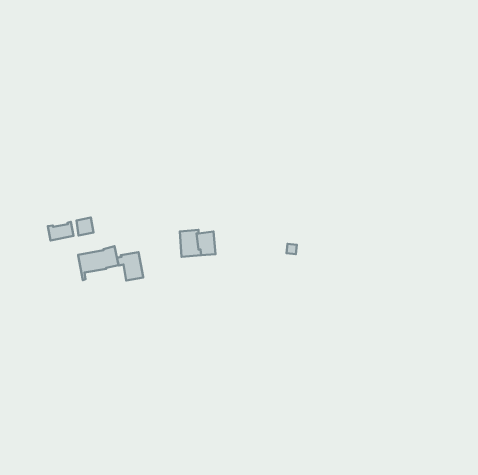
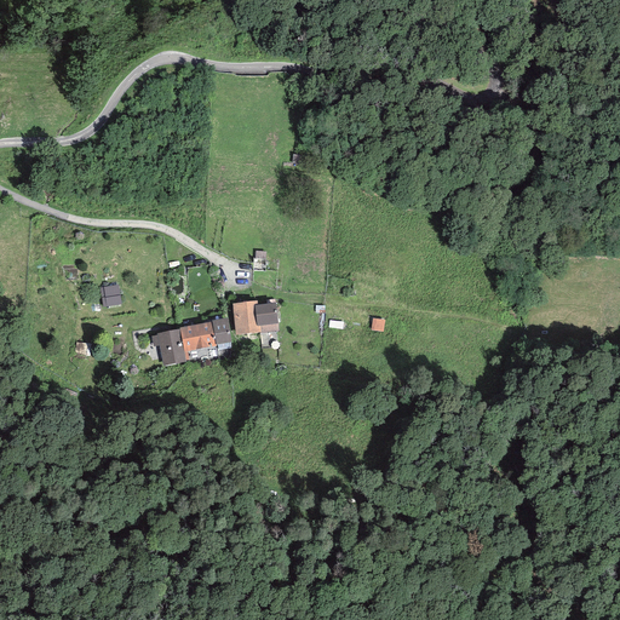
building: [48,222,73,241] -> none
building: [78,246,118,280] -> [179,316,231,360]

